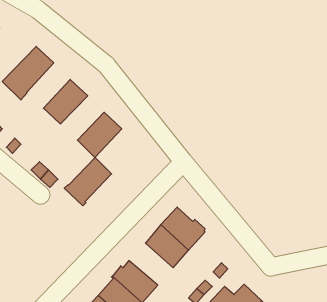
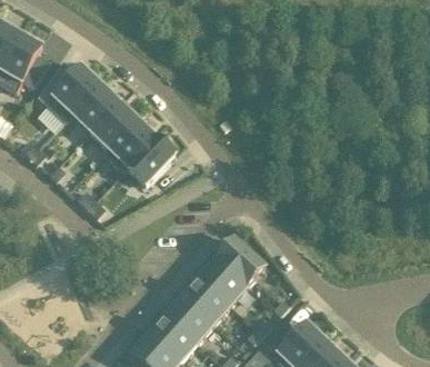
building: none -> [71,82,118,131]
building: [64,157,112,206] -> [103,118,154,170]
building: none -> [181,277,229,323]

